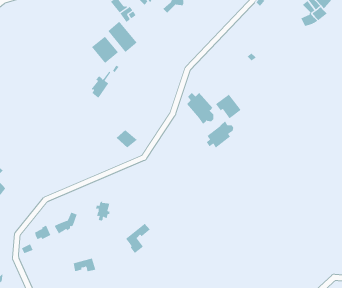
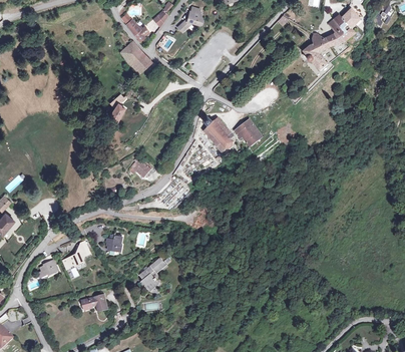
building: none -> [304,32,331,70]
building: [91,36,119,64] -> none
building: [206,121,234,148] -> none

